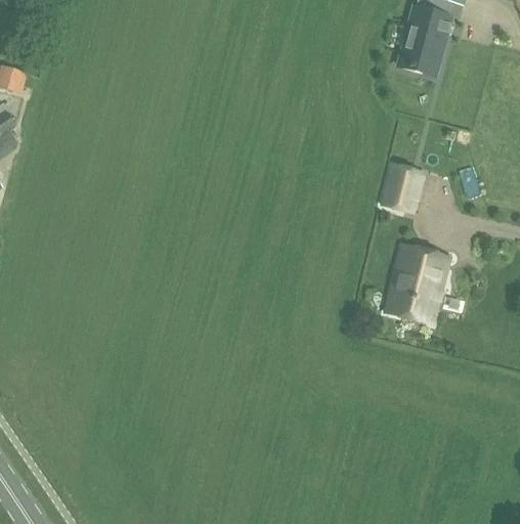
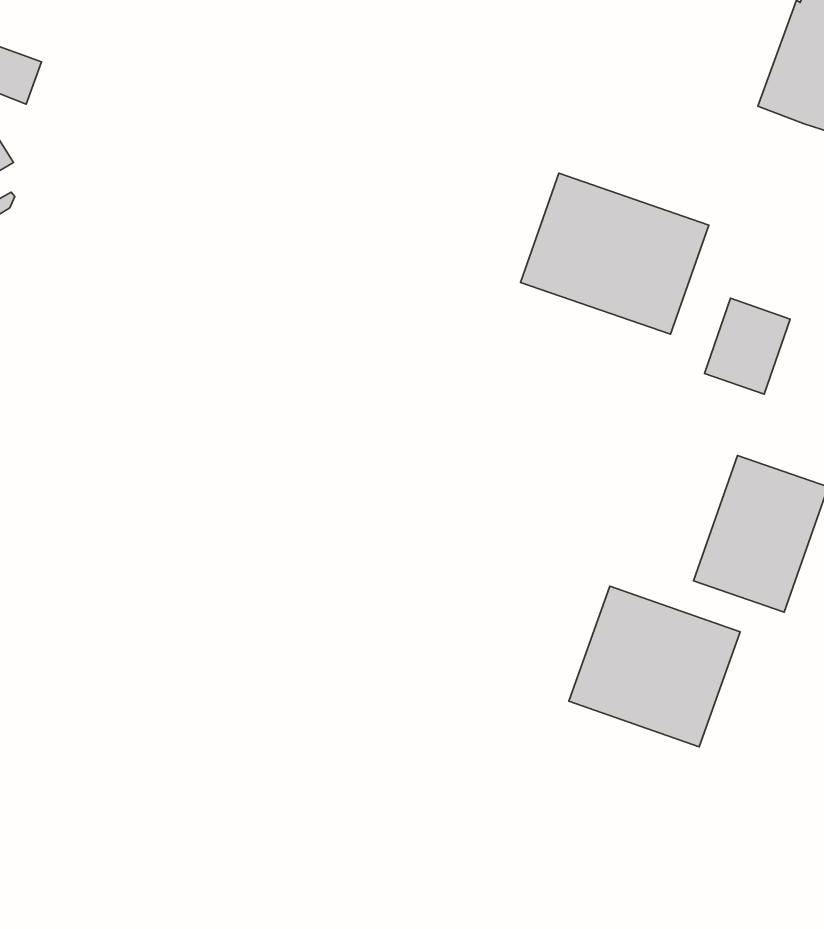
building: none -> [520,173,709,334]
building: none -> [569,586,740,747]

